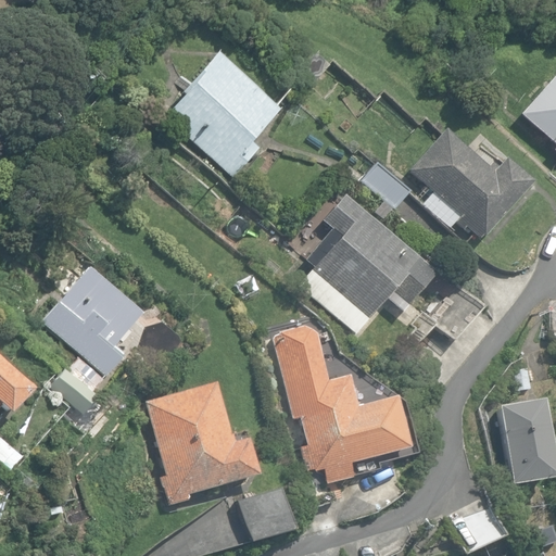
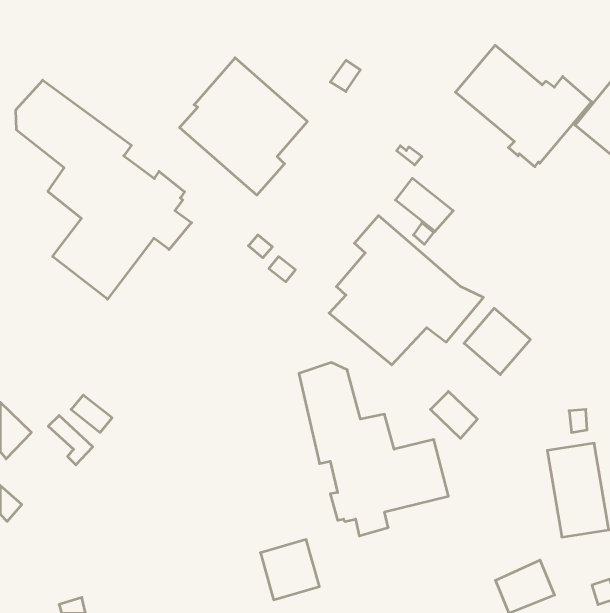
building: none -> [16,80,192,299]
building: [410,128,533,238] -> [455,45,592,167]
building: [43,263,143,371] -> none
building: [149,381,261,504] -> none

